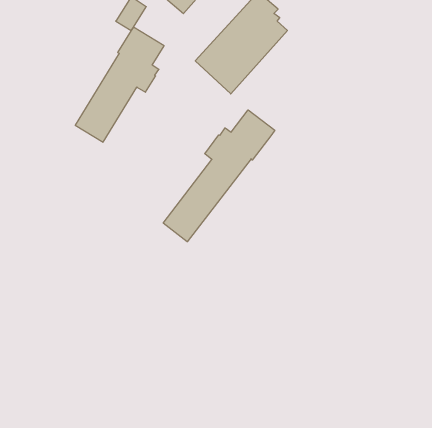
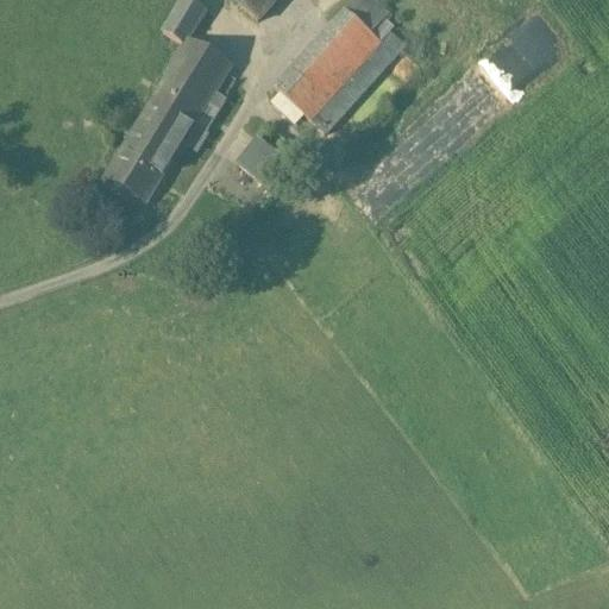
building: none -> [238,136,288,187]
building: [163,110,275,242] -> none

